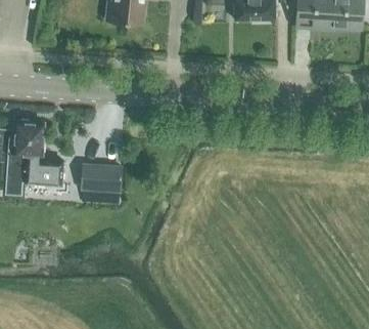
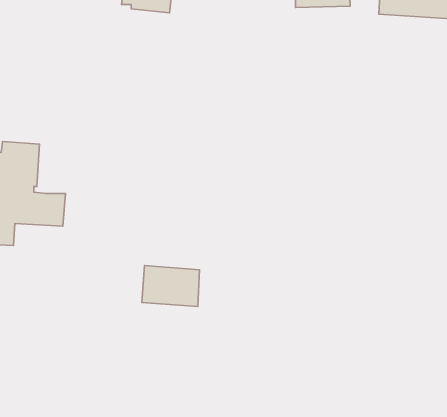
building: [79,162,122,193] -> [142,266,199,307]

